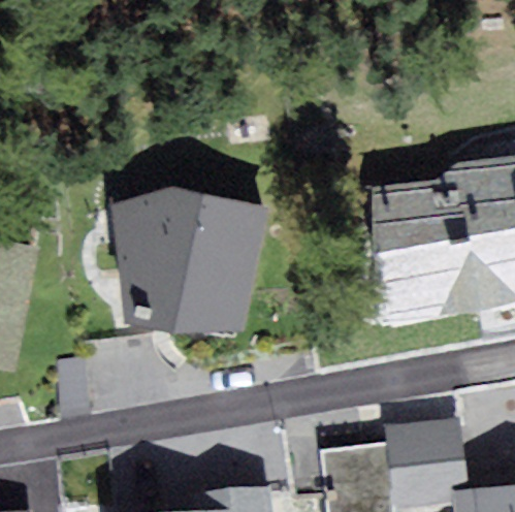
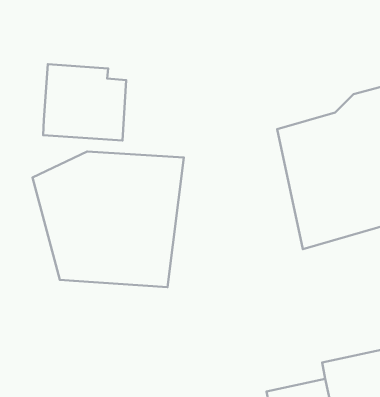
building: none -> [43,64,126,141]

